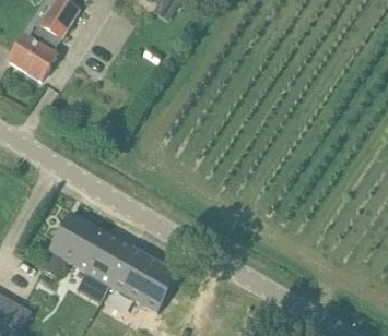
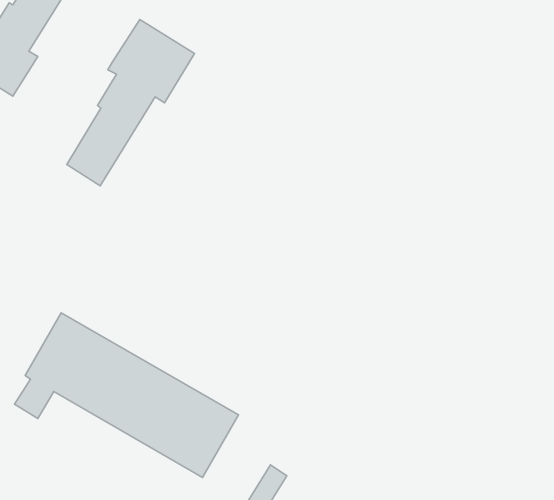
building: none -> [67,19,194,186]

